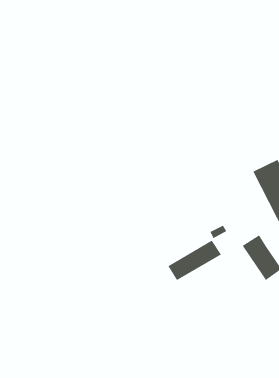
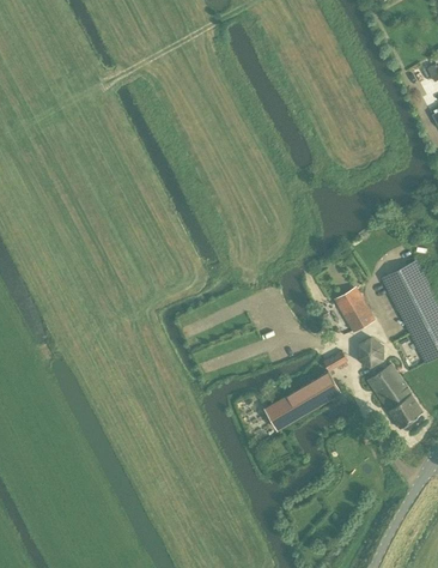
building: none -> [336,288,372,330]
building: none -> [357,338,383,367]

